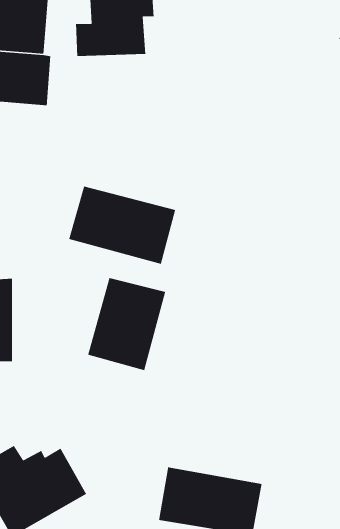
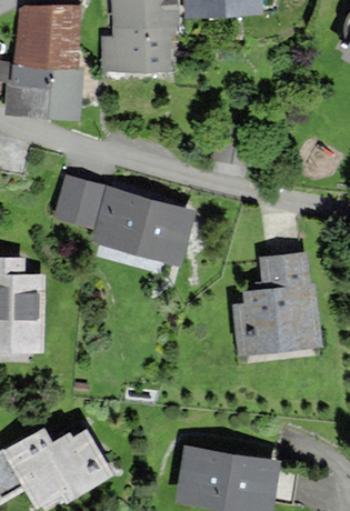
building: none -> [56,178,100,227]
building: none -> [237,253,322,357]
building: [87,277,166,371] -> none

